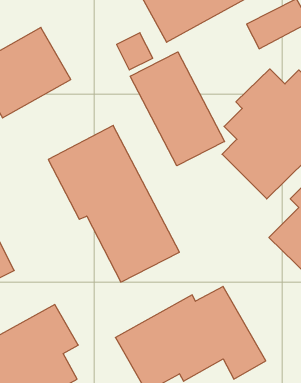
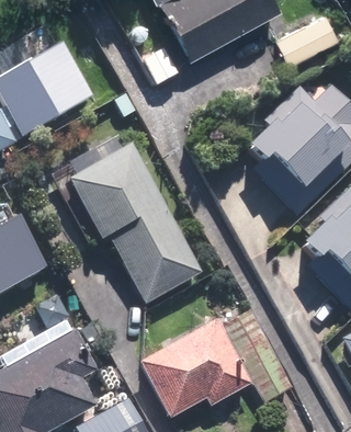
building: [130,52,225,166] -> none

